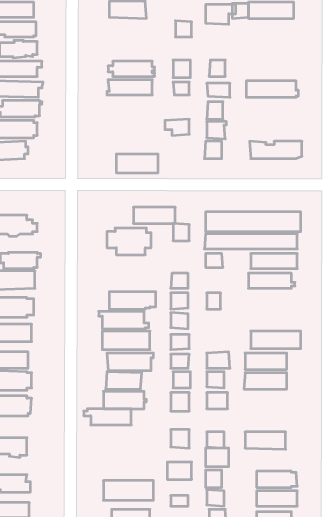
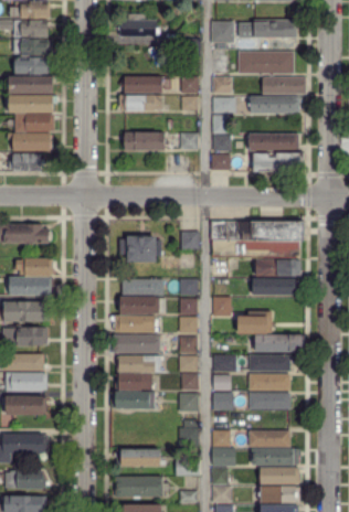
building: none -> [239,52,294,73]
building: none -> [263,77,305,94]
building: none -> [250,134,299,150]
building: [116,154,158,173] -> [125,132,165,150]
building: [133,207,175,223] -> [123,279,162,295]
building: none -> [234,317,271,332]
building: none -> [250,393,290,408]
building: [84,409,131,425] -> [114,449,159,465]
building: none -> [252,449,300,465]

